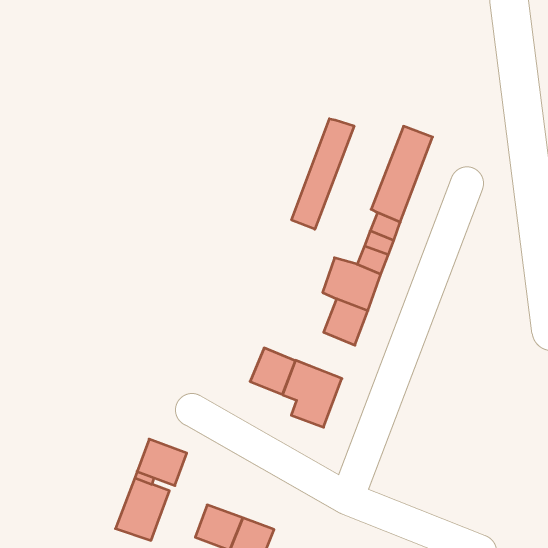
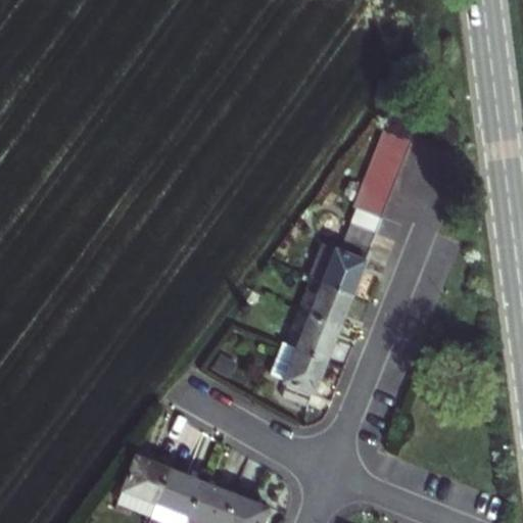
building: [292,119,354,229] -> none
building: [250,348,295,394] -> [296,318,339,362]
building: [137,439,187,486] -> [152,468,199,512]

